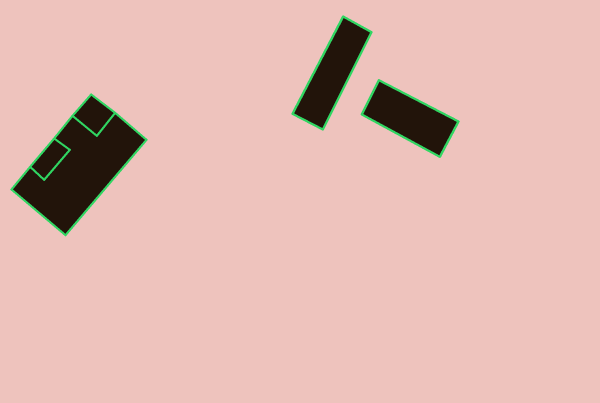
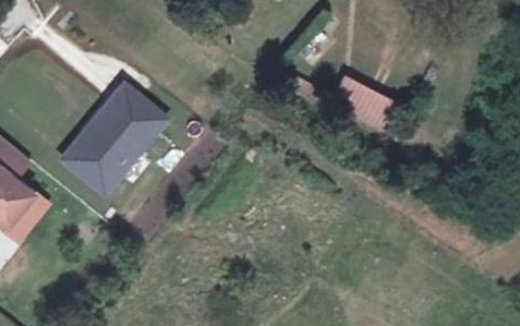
building: [293,17,372,129] -> none

